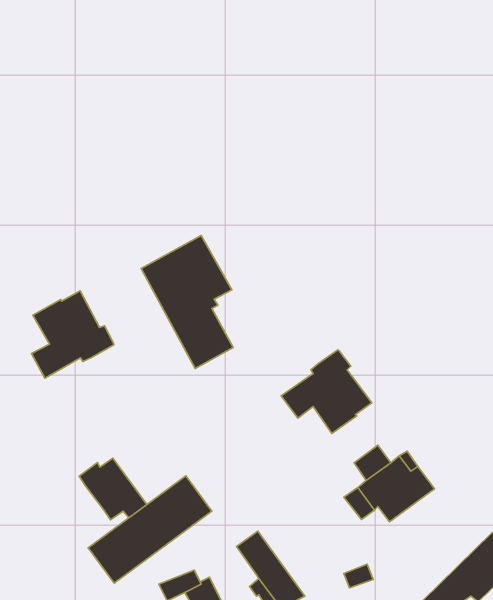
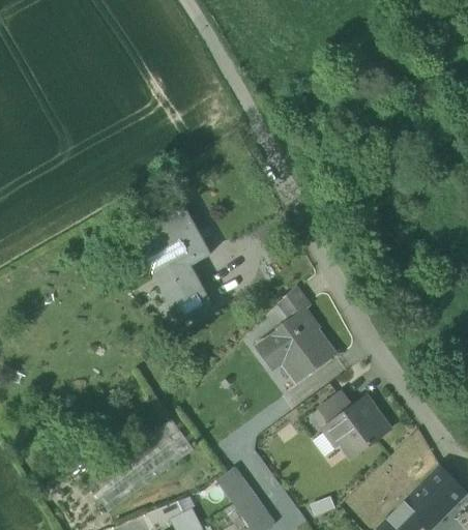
building: [32,291,114,378] -> none
building: none -> [276,286,312,320]
building: [79,458,147,520] -> none

